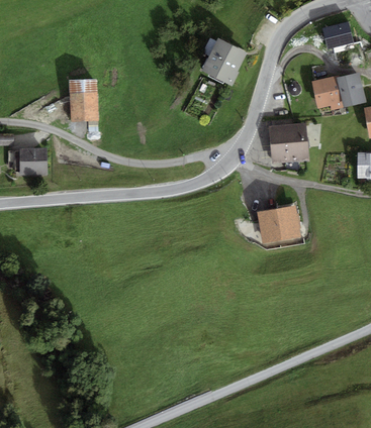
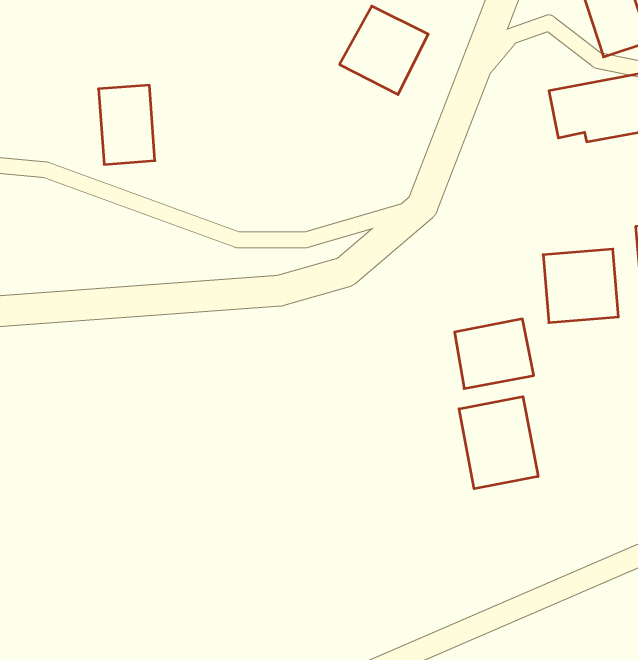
building: [269,122,309,162] -> [543,249,618,323]
building: [19,148,47,173] -> none
building: none -> [459,397,538,489]

